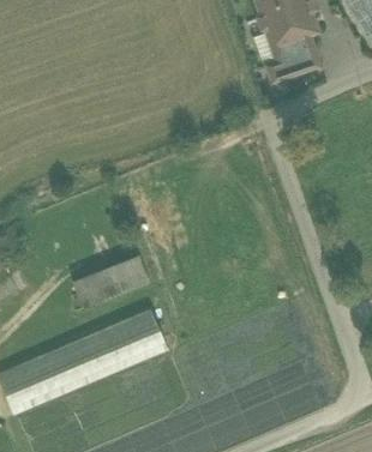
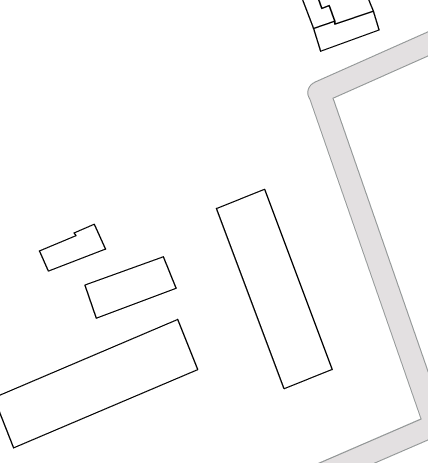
building: none -> [217,189,332,389]
building: none -> [40,224,105,271]

